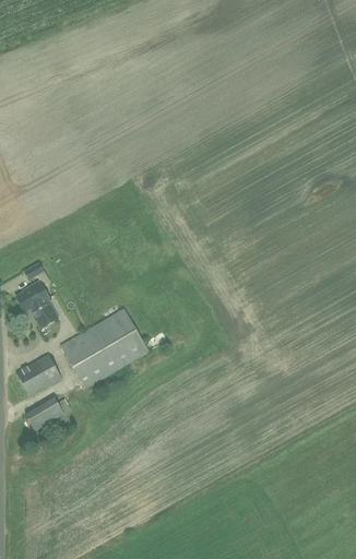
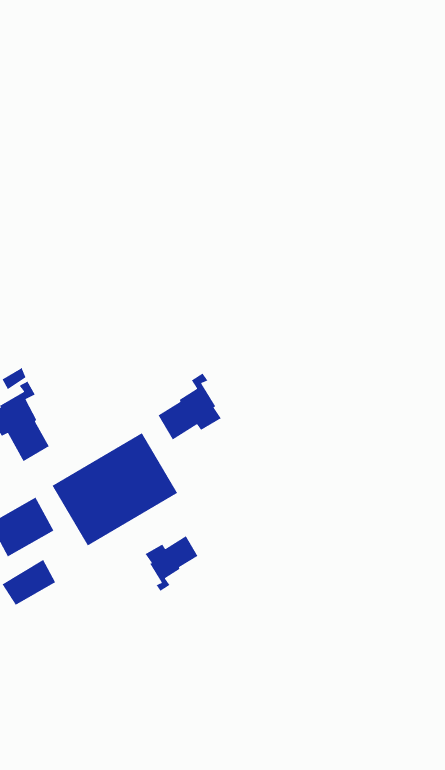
building: none -> [158,373,222,440]
building: none -> [145,535,198,592]

